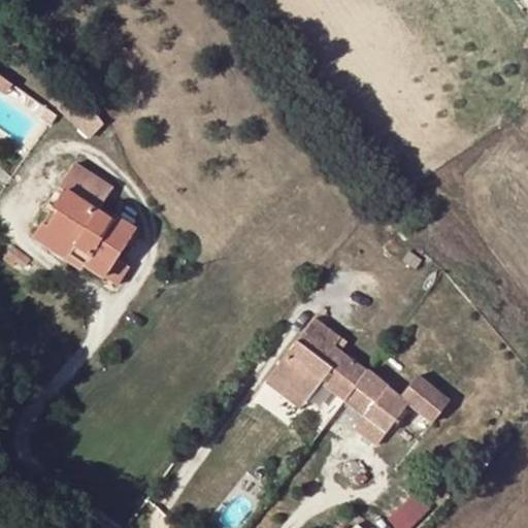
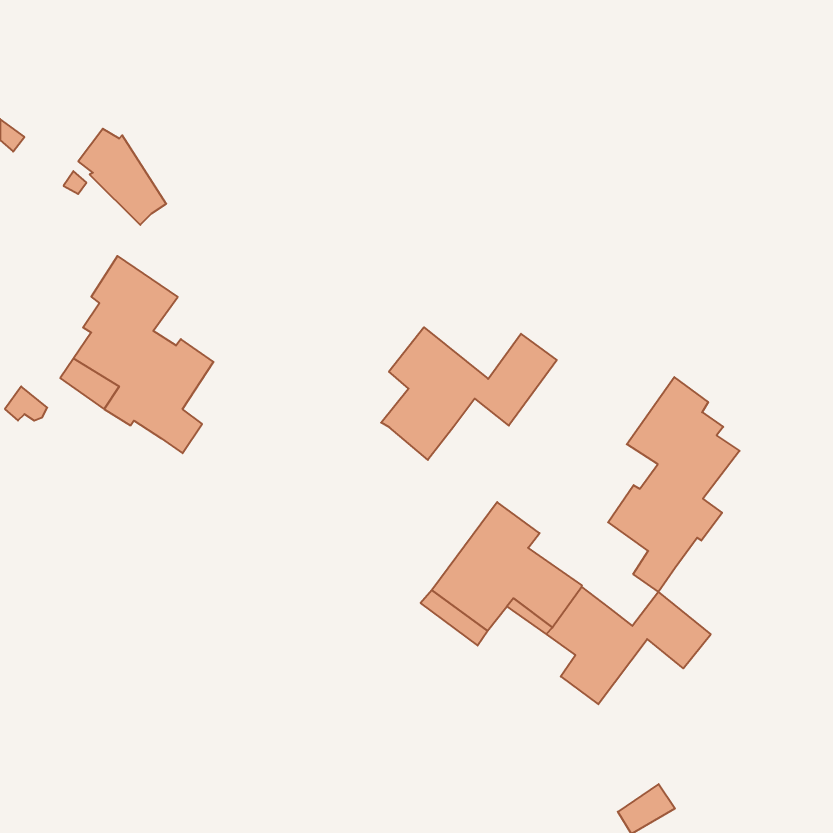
building: none -> [381,327,557,460]
building: none -> [608,377,740,592]

